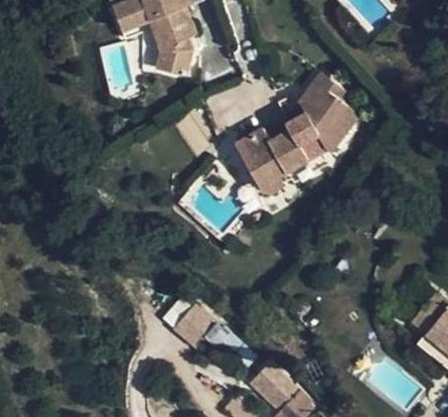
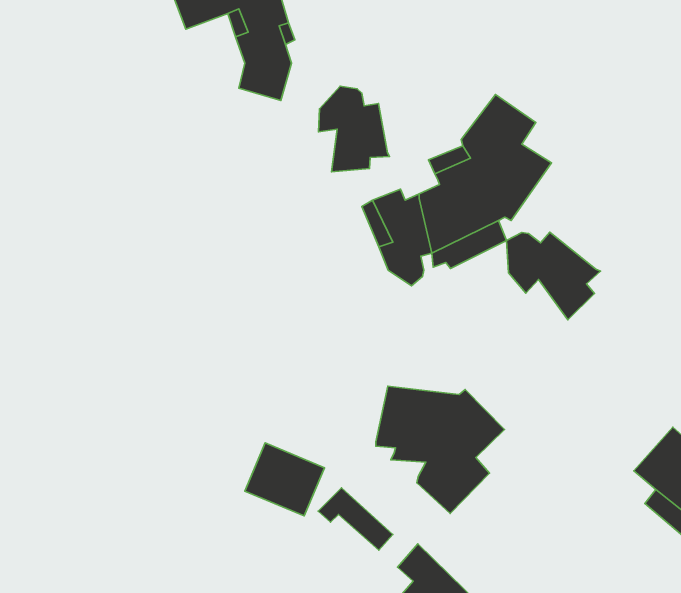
building: none -> [319,86,389,172]
building: none -> [506,232,601,320]
building: none -> [376,386,504,514]

